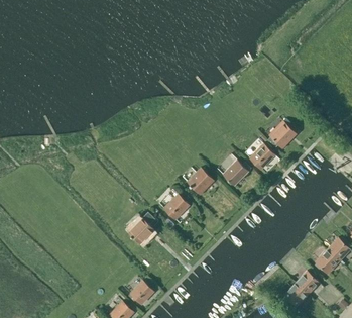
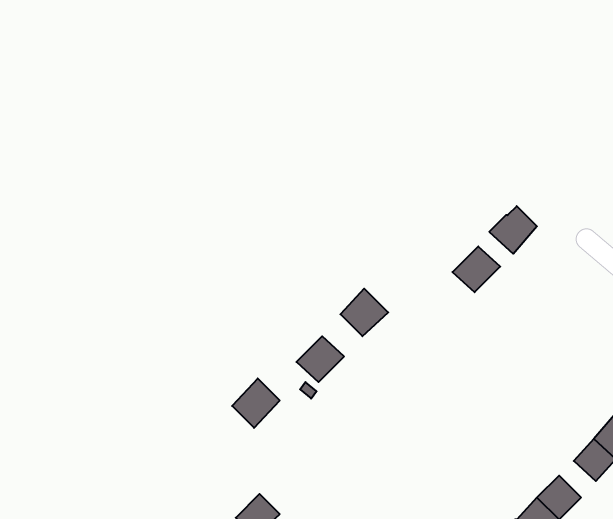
building: [223,160,251,186] -> none

